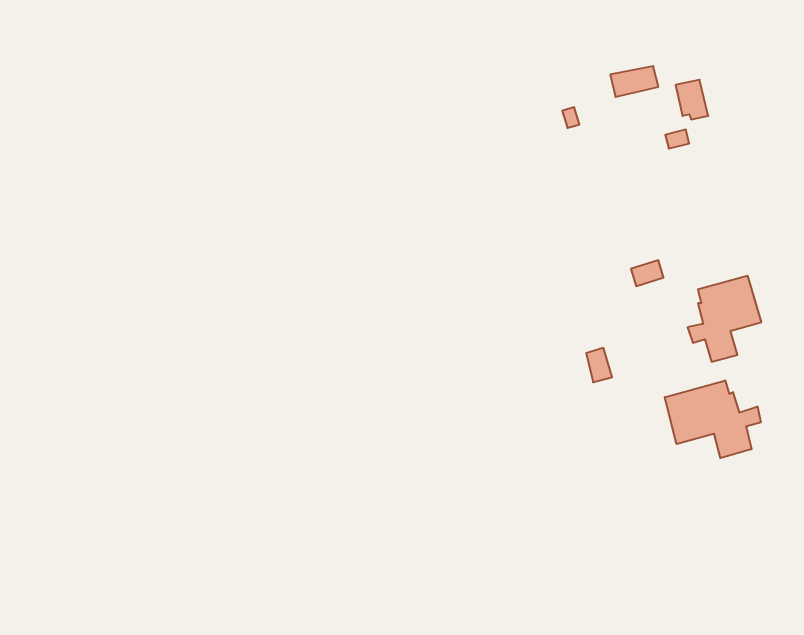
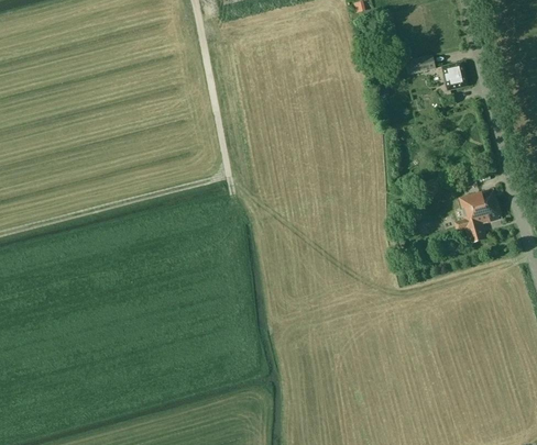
building: [665,380,761,458] -> none

